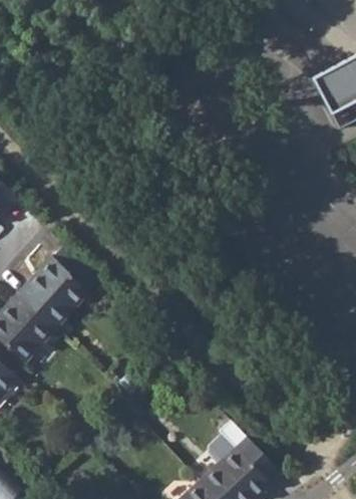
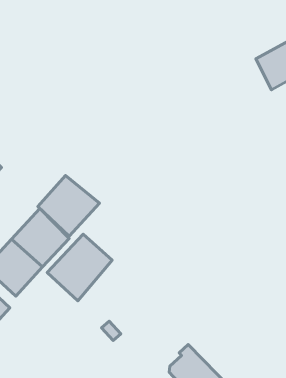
building: none -> [38,175,99,236]
building: none -> [47,234,112,301]

